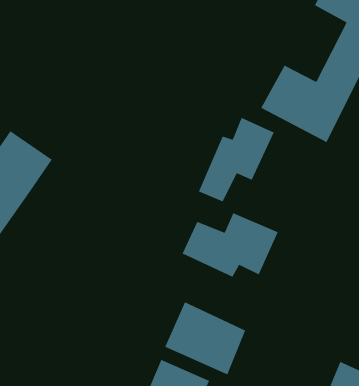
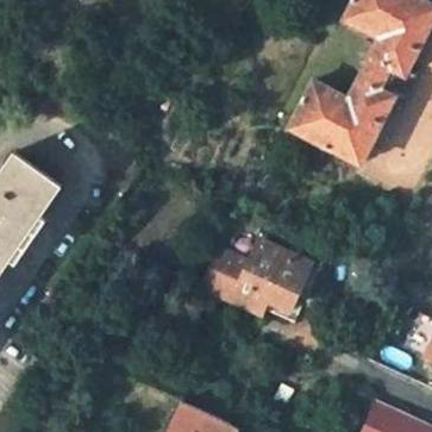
building: [198,117,275,203] -> none
building: [164,301,246,376] -> none

